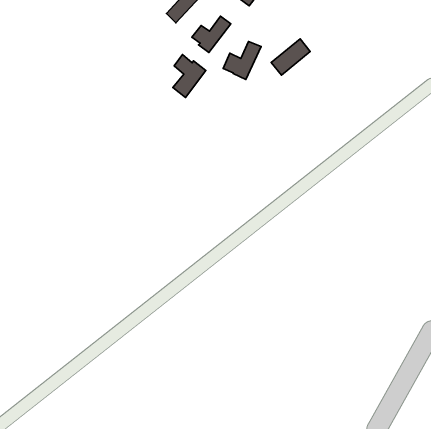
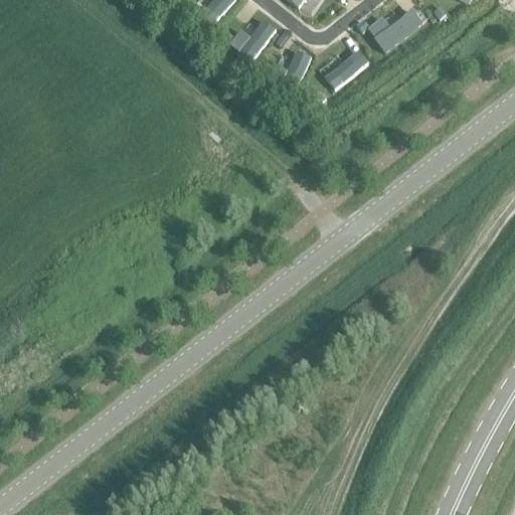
building: none -> [368,8,422,52]
building: [173,55,206,97] -> none

